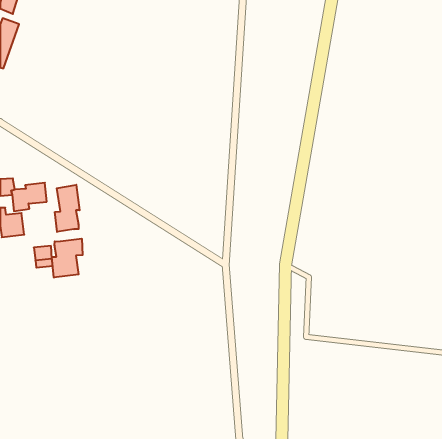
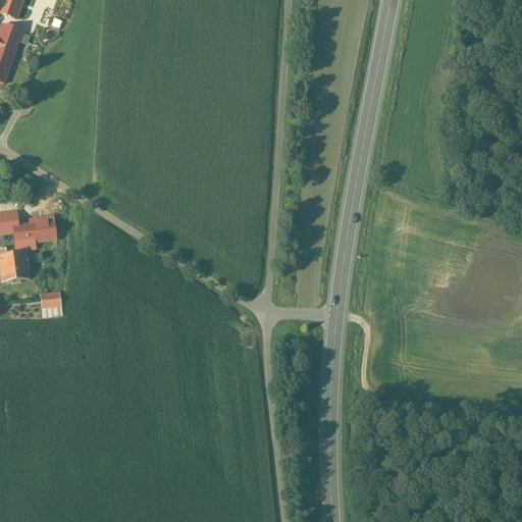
building: [55,185,80,232] -> none
building: [52,239,83,278] -> none

